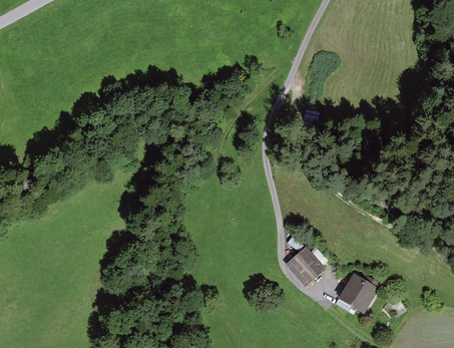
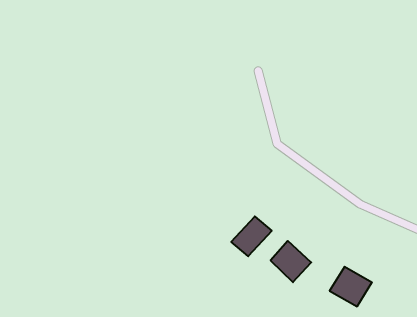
building: none -> [231,216,272,256]

